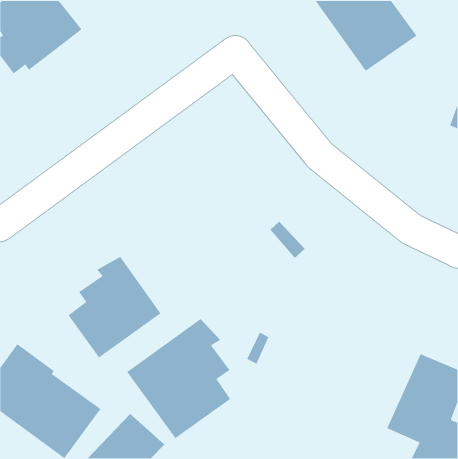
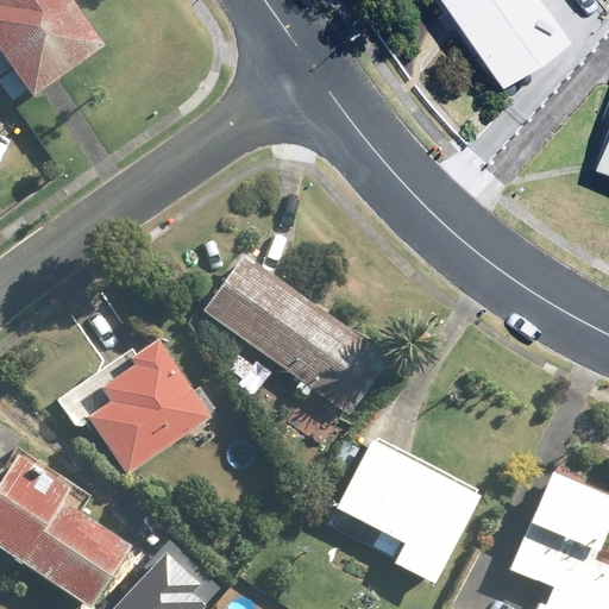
building: none -> [206,252,385,412]
building: [126,318,231,439] -> none
building: none -> [329,438,478,577]

